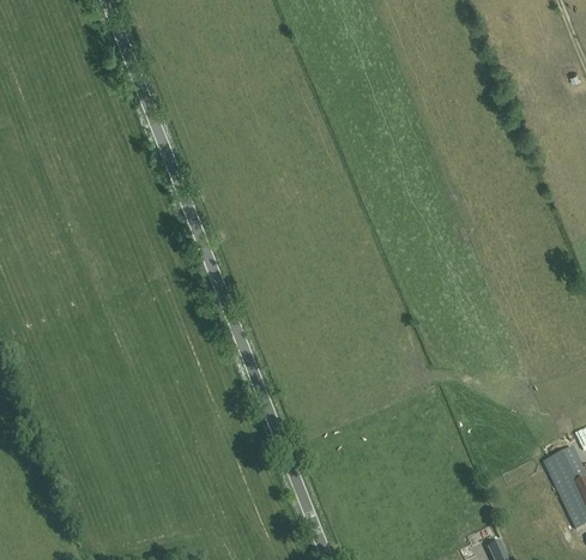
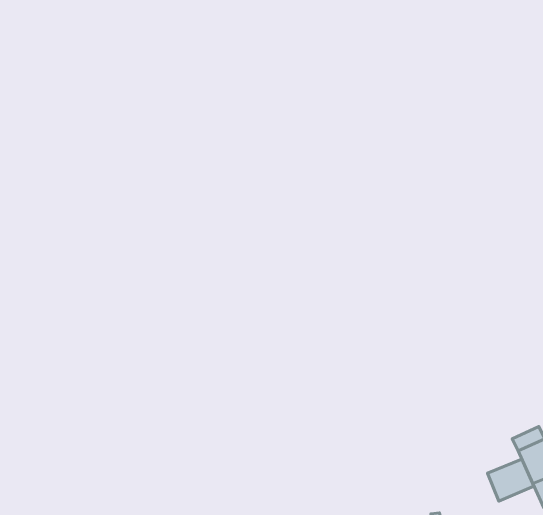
building: none -> [488,459,534,501]

